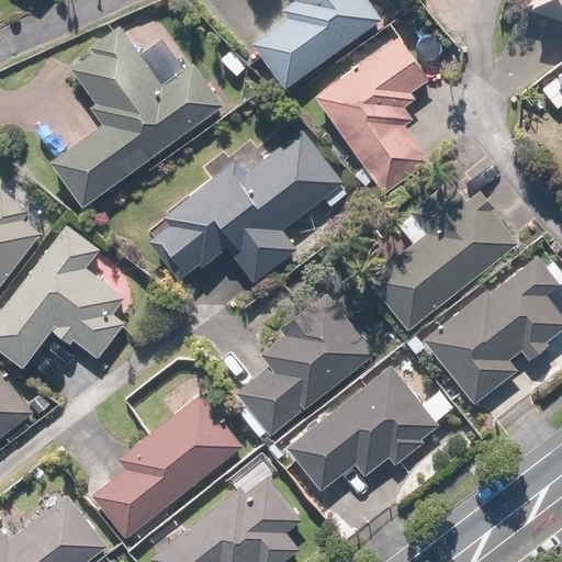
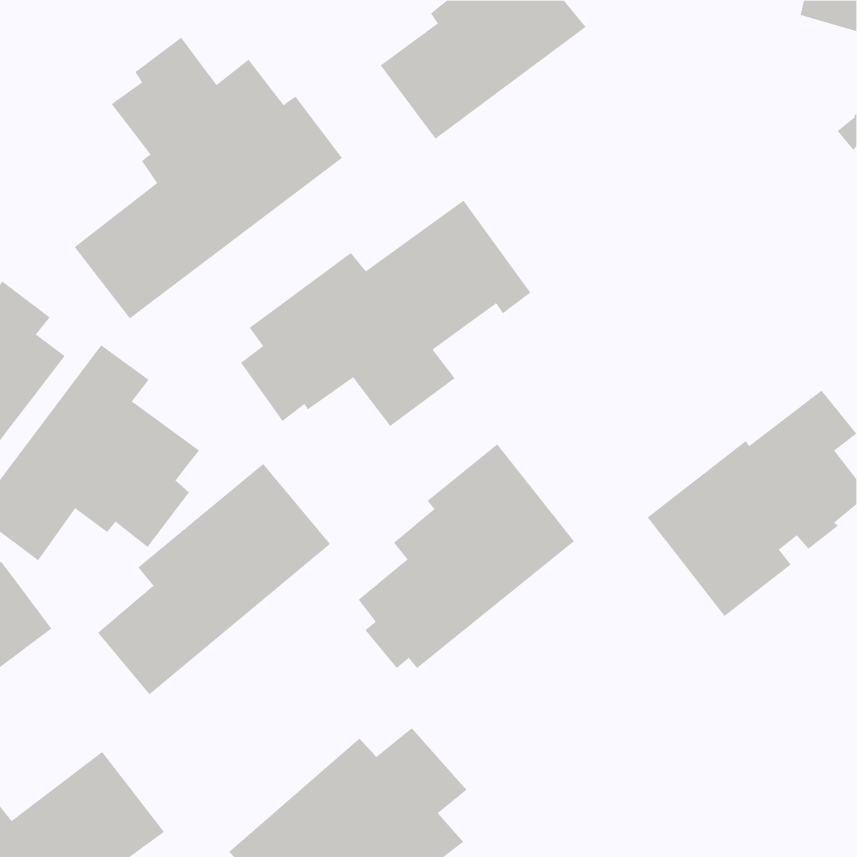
building: [315,38,429,194] -> none
building: [366,165,518,330] -> none
building: [285,361,443,491] -> none
building: [91,392,244,543] -> [97,463,331,695]

